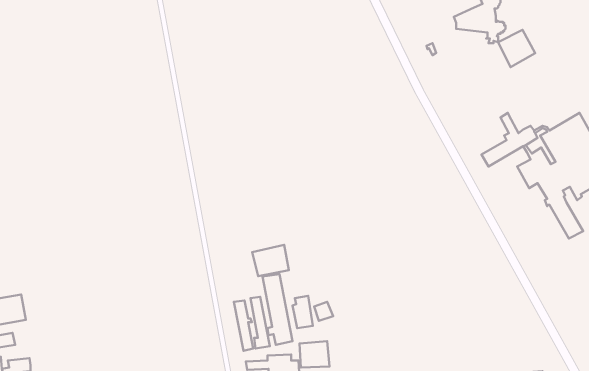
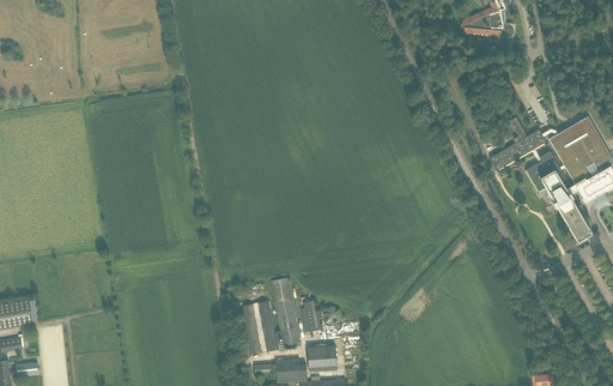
building: [498,30,535,67] -> none
building: [252,245,289,276] -> none

